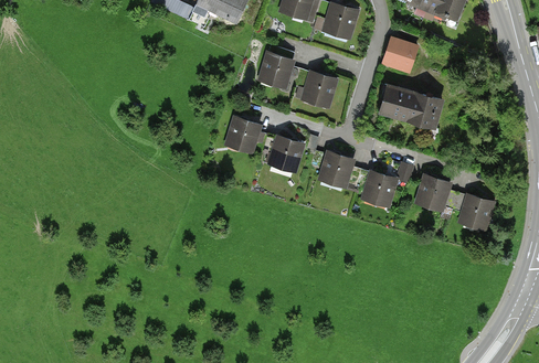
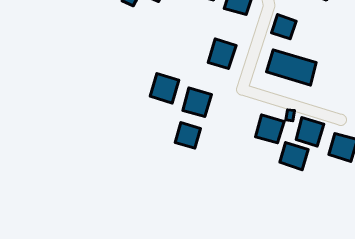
building: [257,52,296,90] -> none
building: [317,151,355,188] -> none
building: none -> [175,123,201,148]
building: none -> [280,143,308,170]

